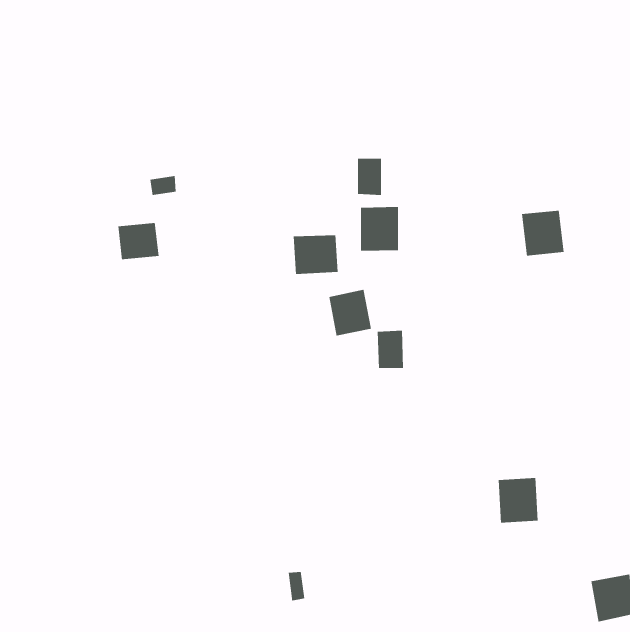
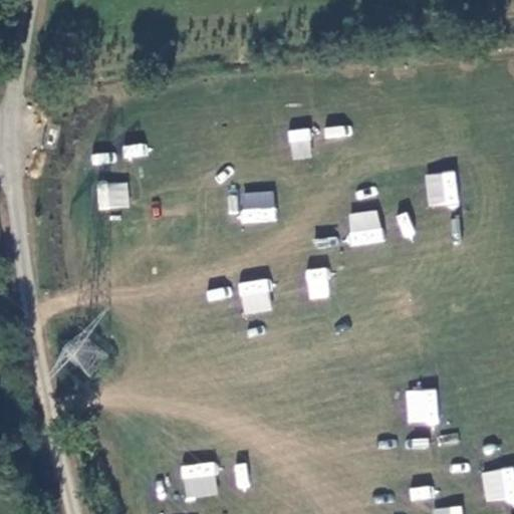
building: [360,206,398,252] -> none
building: none -> [347,209,384,247]
building: [328,289,372,336] -> [238,277,273,315]
building: none -> [181,461,219,499]

